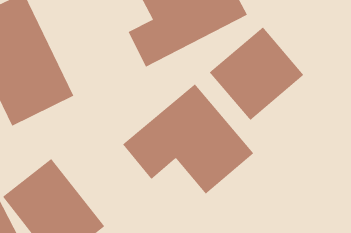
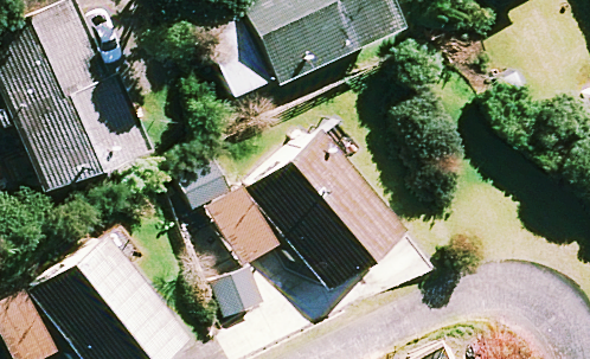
building: [209,26,304,121] -> none

